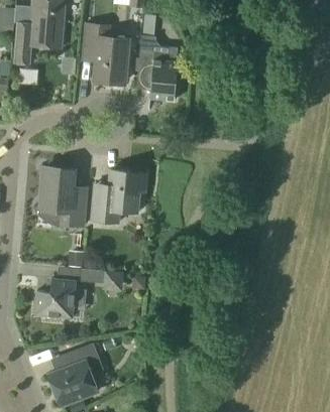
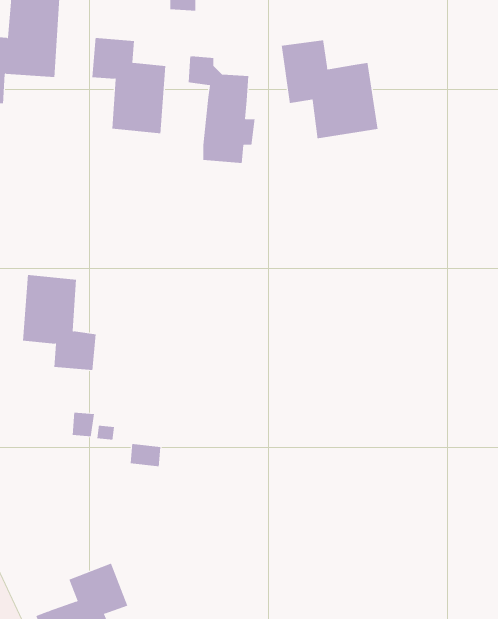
building: none -> [281,39,378,139]
building: [89,169,144,224] -> none
building: [33,278,74,320] -> none

